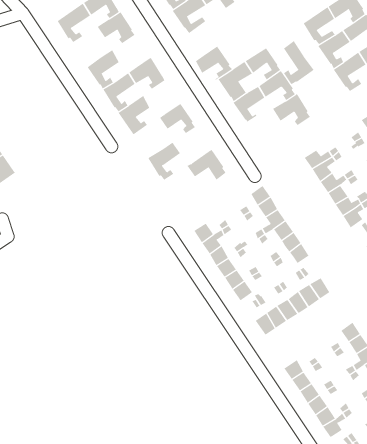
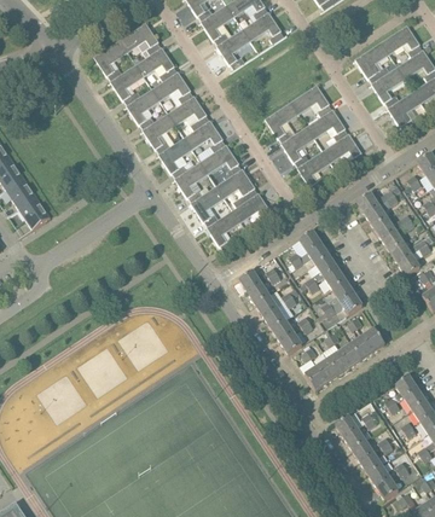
building: none -> [110,63,145,105]
building: none -> [153,71,193,105]
building: [283,40,314,85] -> none
building: [195,46,233,80] -> [186,120,226,156]
building: none -> [296,147,331,192]
building: none -> [174,159,211,202]
building: none -> [217,168,257,208]
building: none -> [207,210,240,251]

